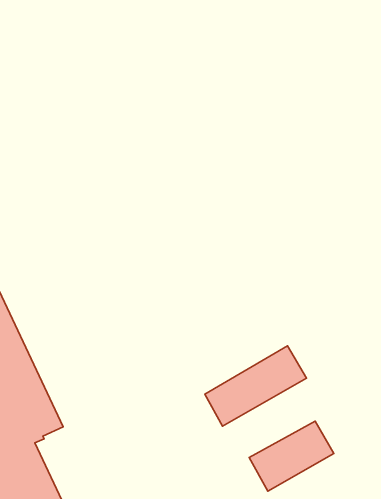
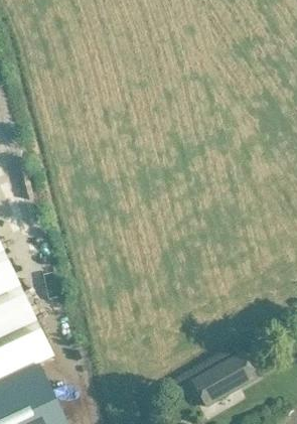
building: [205,346,307,426] -> none

